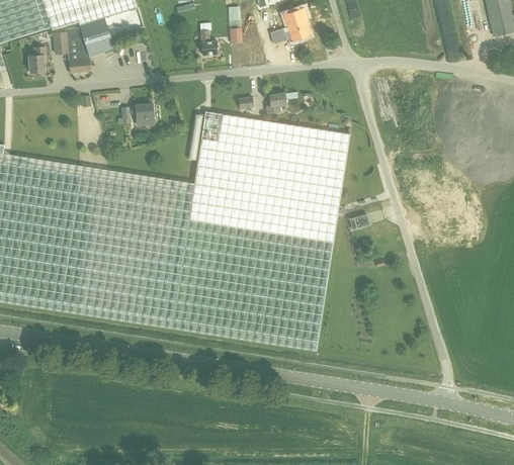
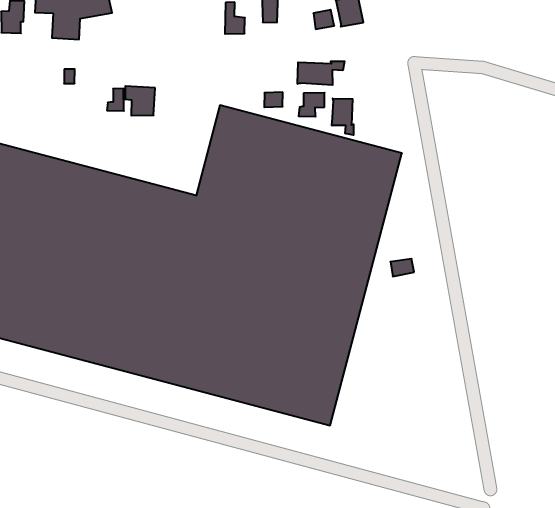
building: none -> [298,61,345,85]
building: none -> [332,98,354,135]

